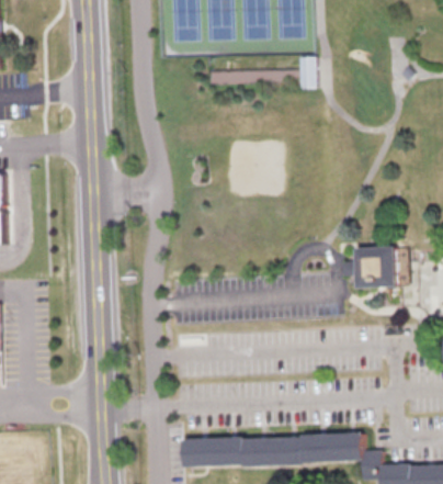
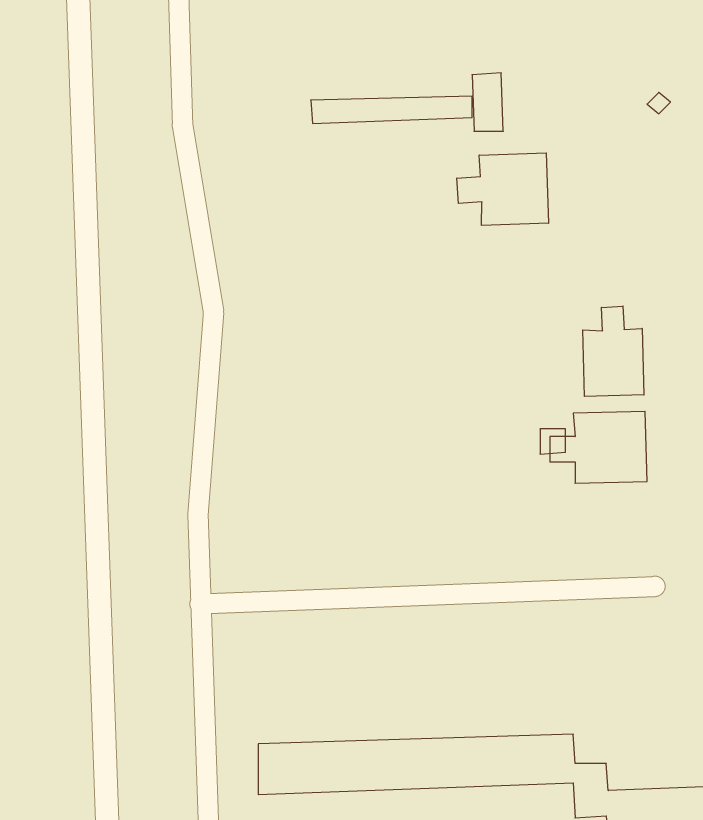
building: none -> [457,153,549,225]
building: none -> [583,306,644,396]

